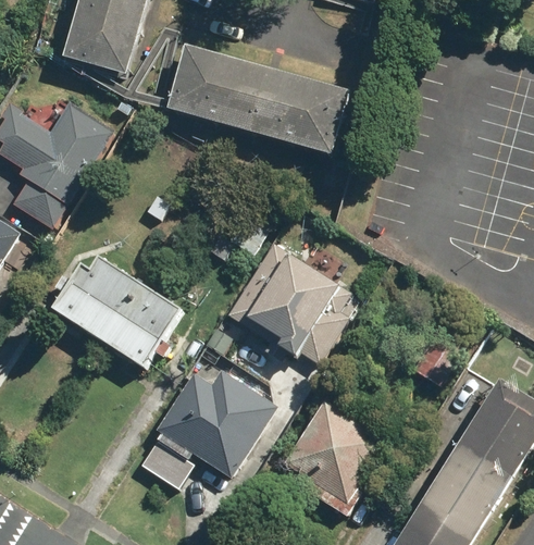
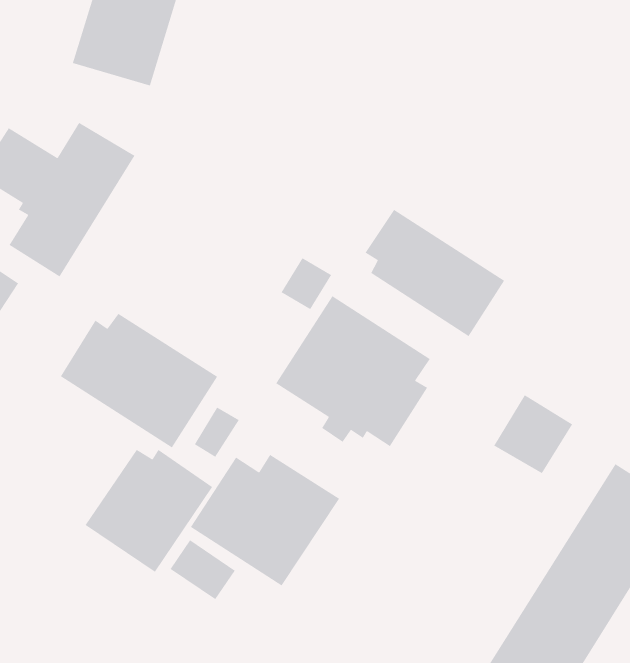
building: [167,46,348,156] -> none
building: none -> [365,209,505,337]
building: none -> [85,449,213,573]
building: [282,397,388,517] -> none

